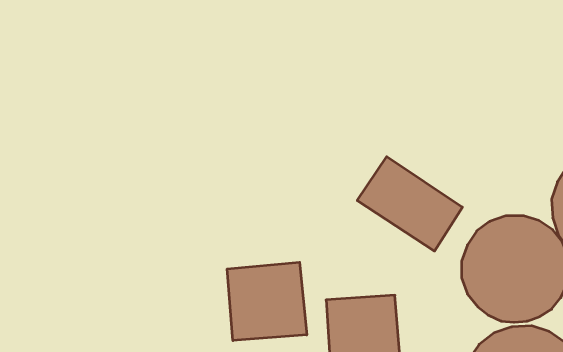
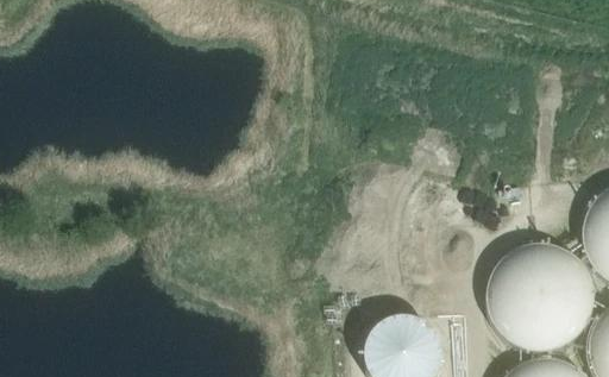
building: [357,157,462,251] -> none
building: [227,262,307,341] -> none

